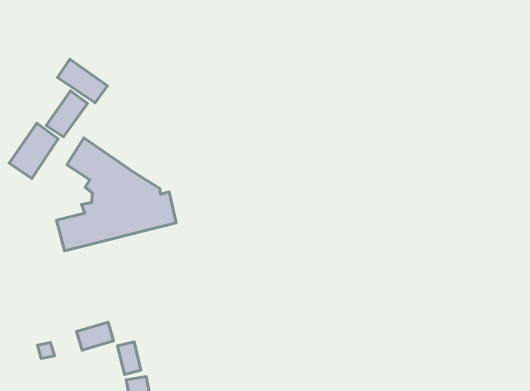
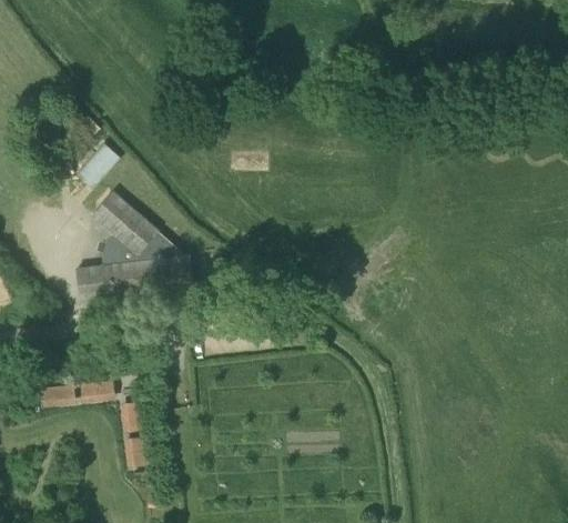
building: [57,59,108,103] -> none
building: [9,123,58,178] -> none

